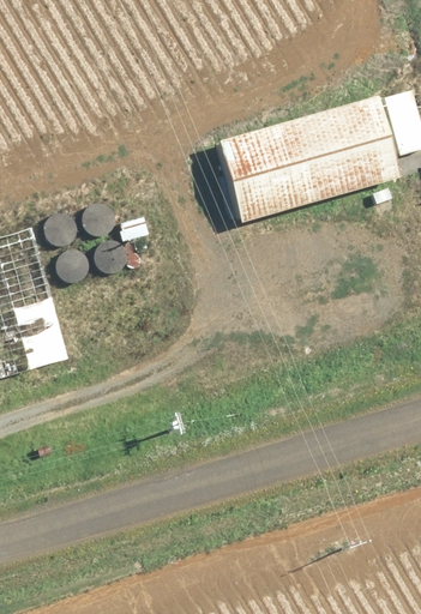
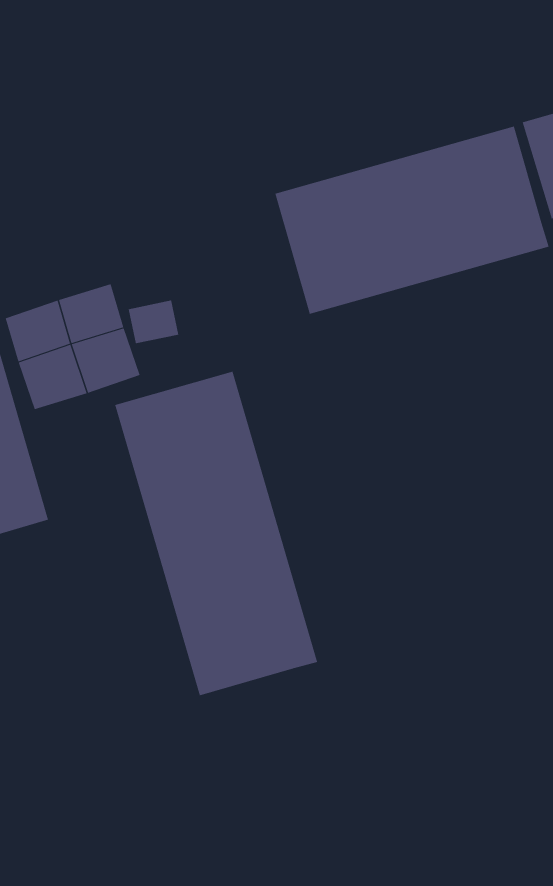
building: none -> [114,371,318,696]

